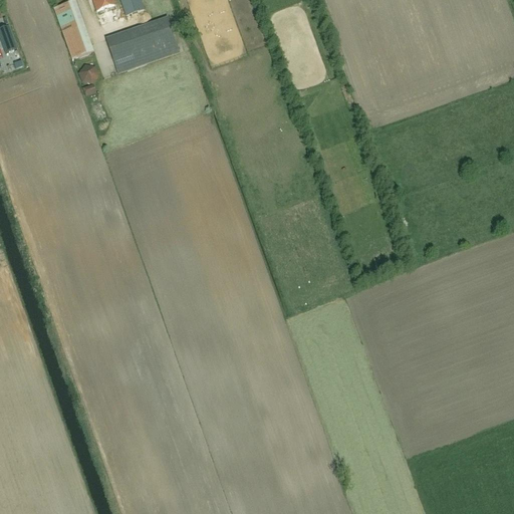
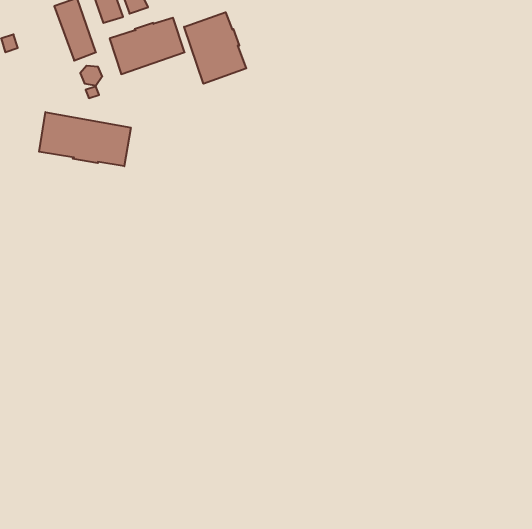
building: none -> [184,12,246,84]
building: none -> [39,112,131,166]

